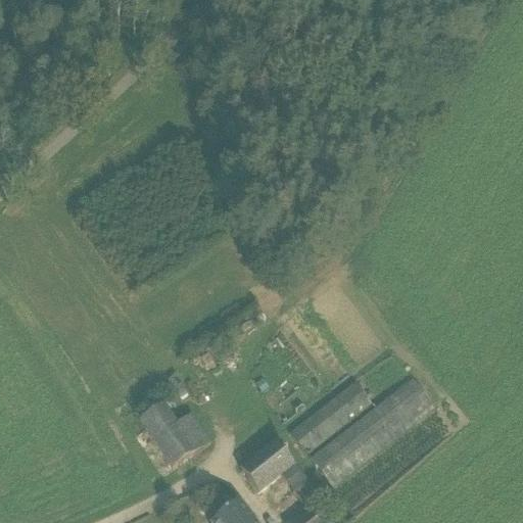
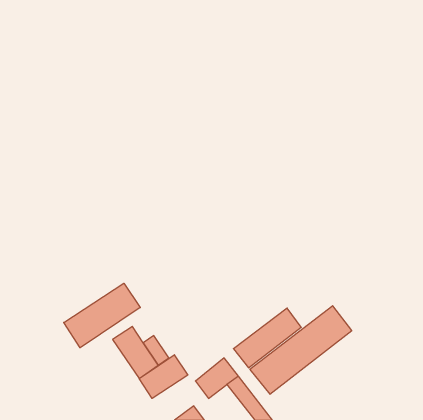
building: none -> [64,283,140,348]
building: none -> [139,355,188,398]

